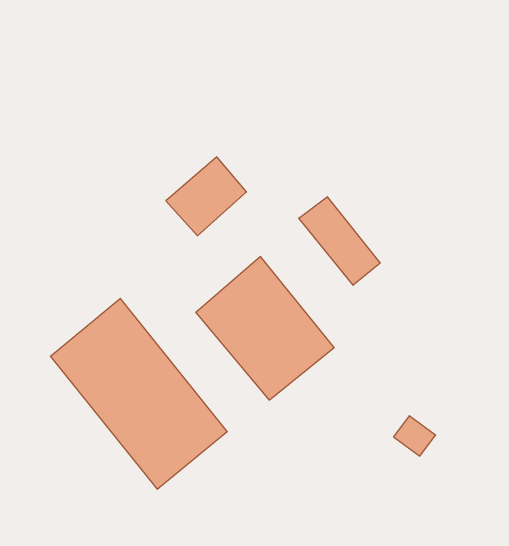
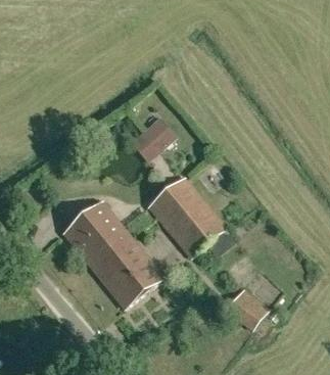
building: [299,197,380,285] -> none
building: none -> [225,287,269,330]

